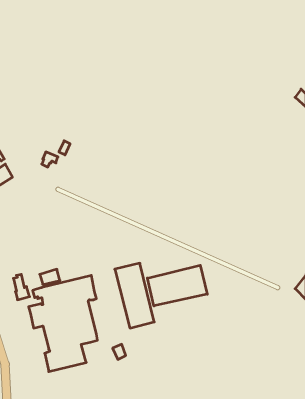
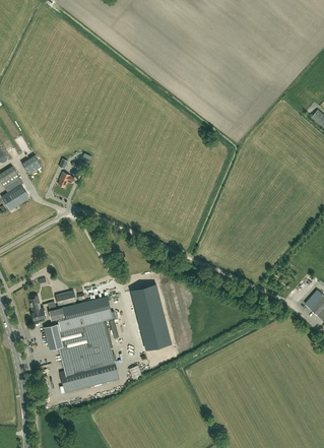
building: [147,265,207,306] -> none

